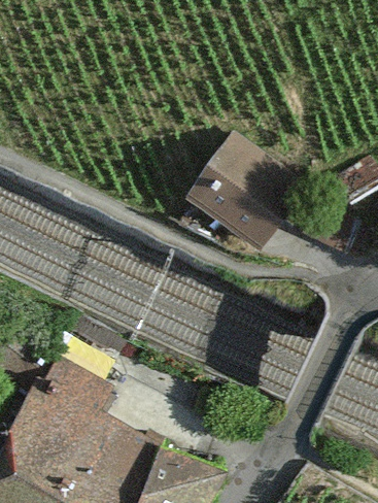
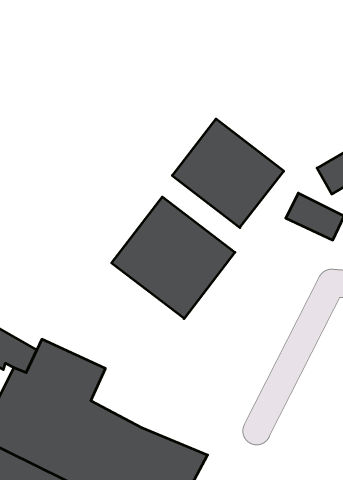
building: none -> [112,197,235,319]

